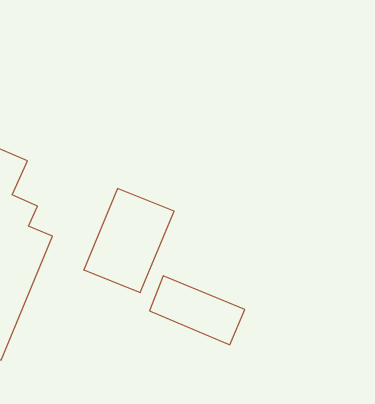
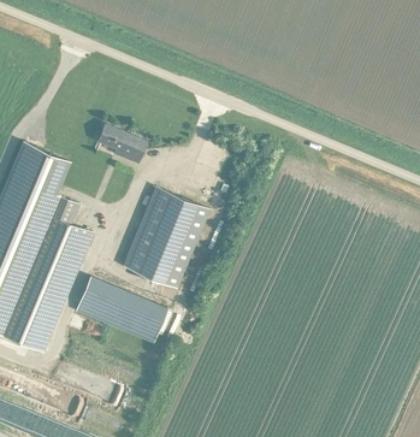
building: none -> [96,124,146,165]
building: [150,276,245,345] -> [75,277,166,343]

